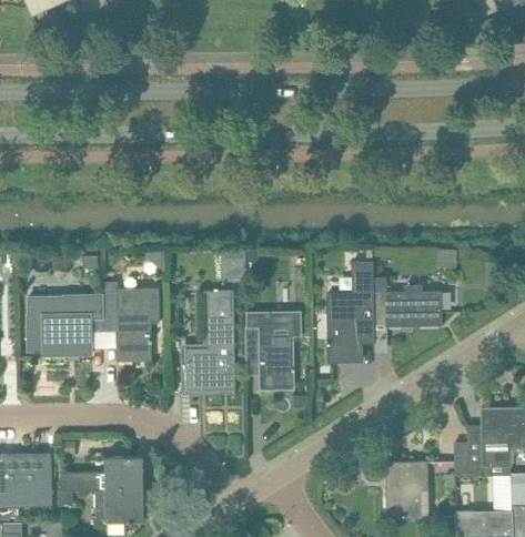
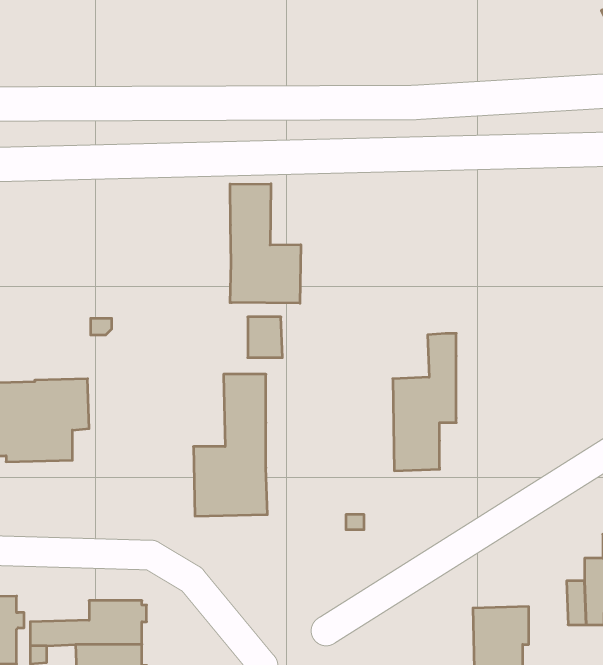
building: none -> [230,184,301,303]
building: [373,277,441,326] -> none
building: [102,282,158,361] -> none
building: [245,310,300,389] -> none

